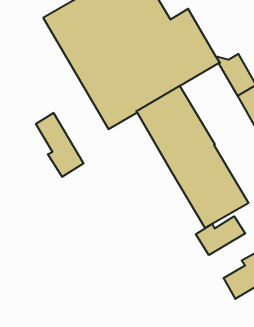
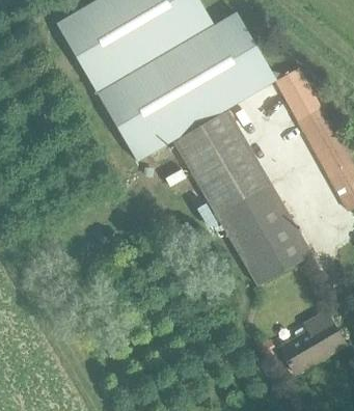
building: [36,113,83,177] -> none
building: [196,216,245,255] -> none

